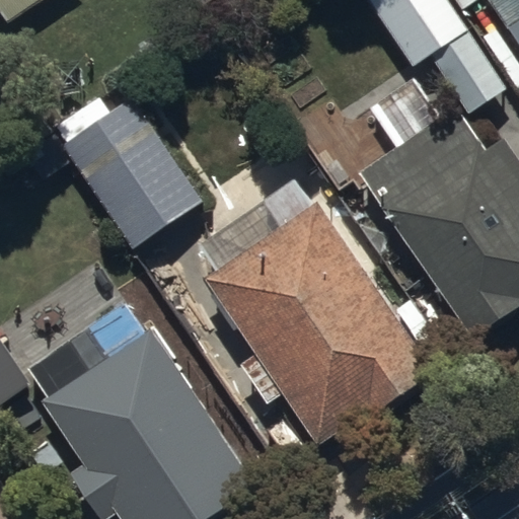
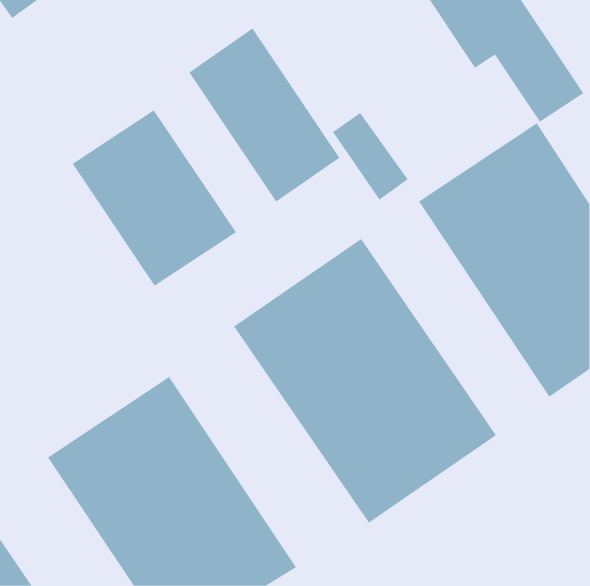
building: none -> [188,28,340,203]

